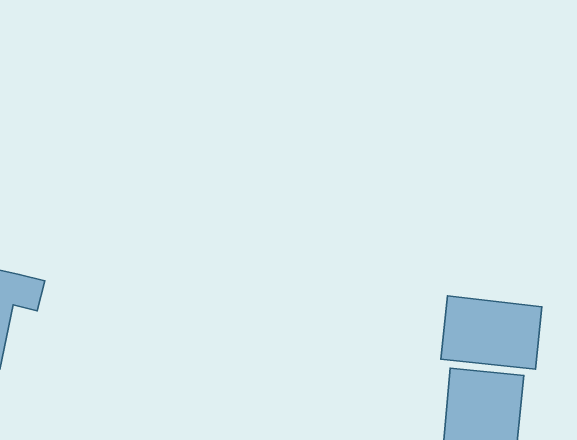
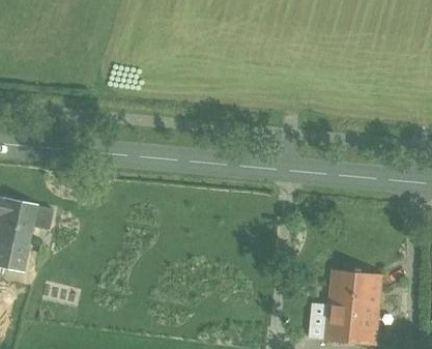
building: [441,296,542,369] -> none

